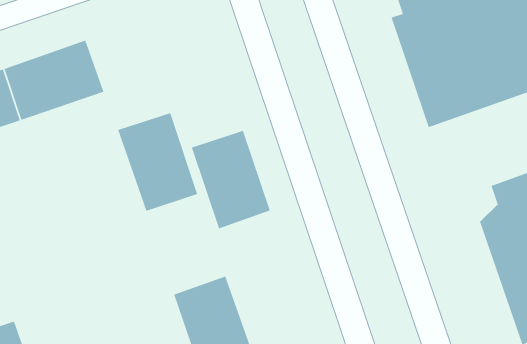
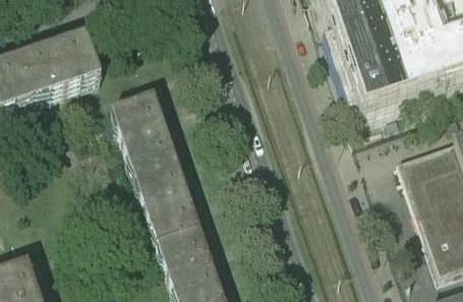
building: [191,130,271,230] -> [133,160,198,241]

